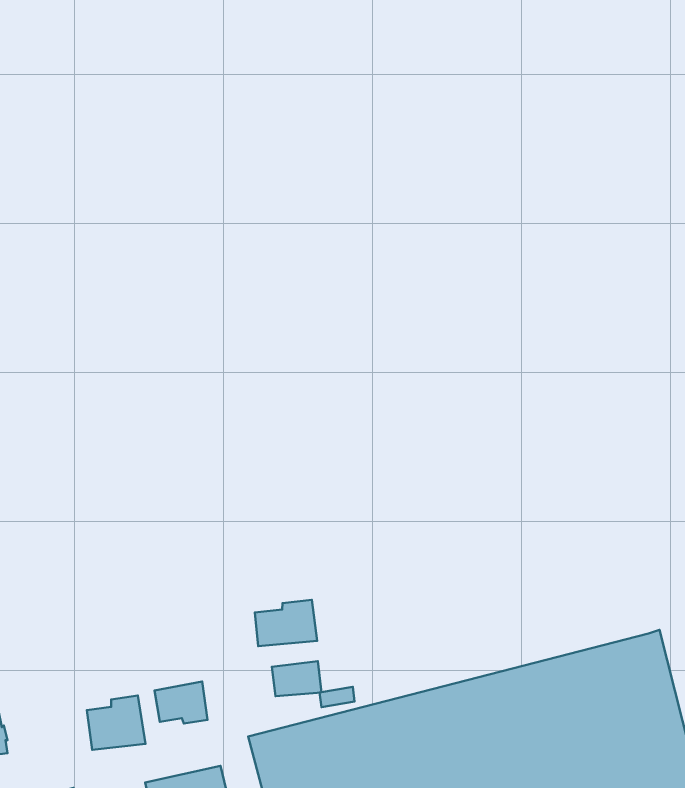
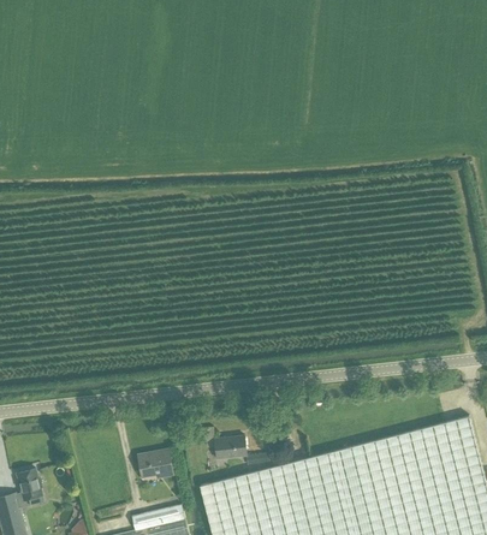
building: [255,600,317,646] -> none
building: [87,696,146,750] -> none

